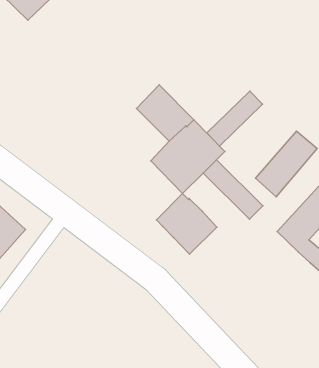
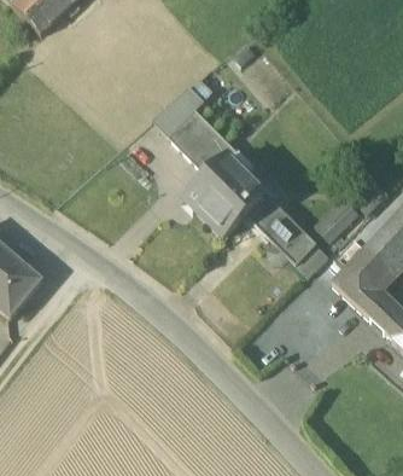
building: none -> [152,86,205,138]
building: [207,91,263,146] -> none
building: [156,194,217,254] -> none

